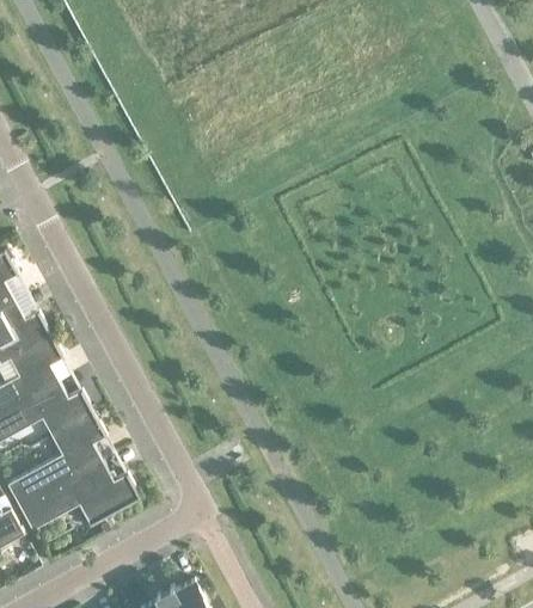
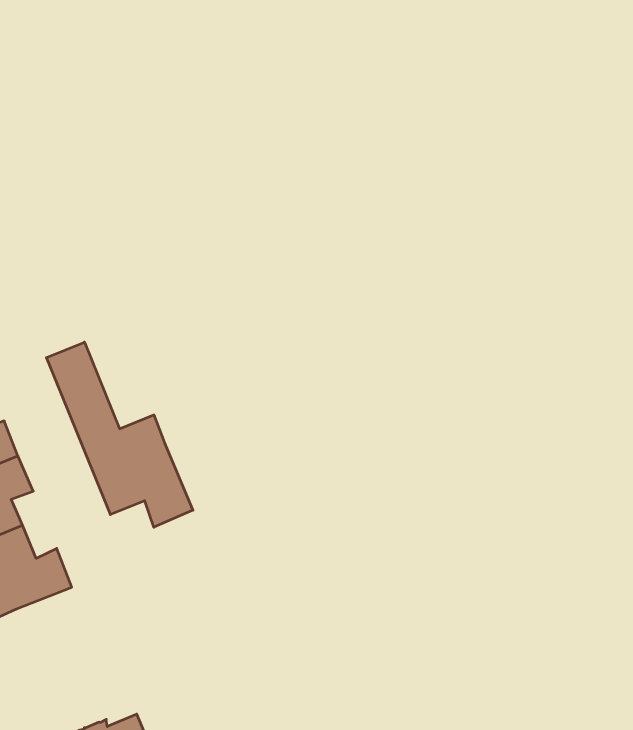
building: none -> [46,342,193,527]

